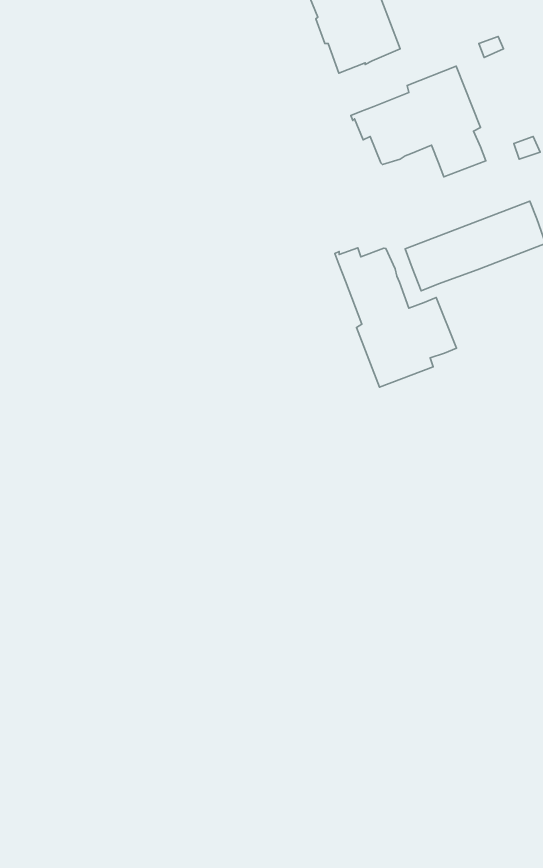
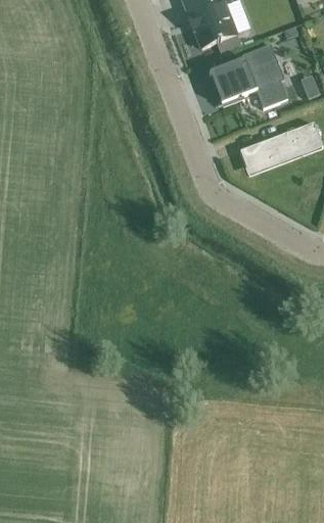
building: [335,248,456,387] -> none

